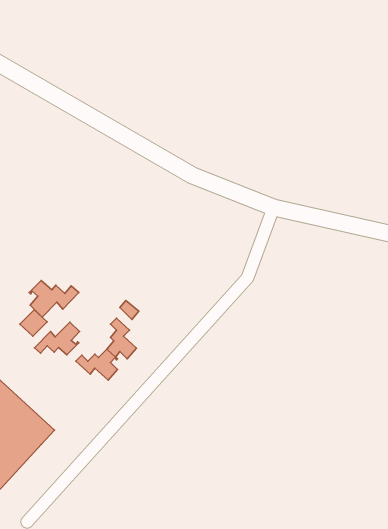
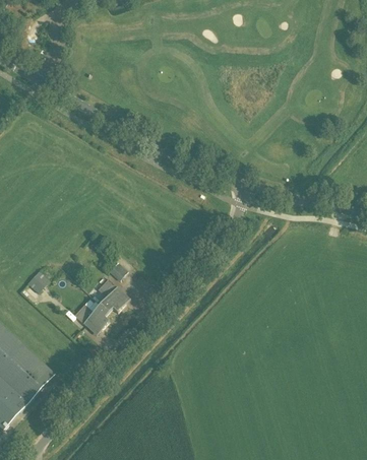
building: [29,280,79,317] -> none
building: [34,322,79,355] -> none

